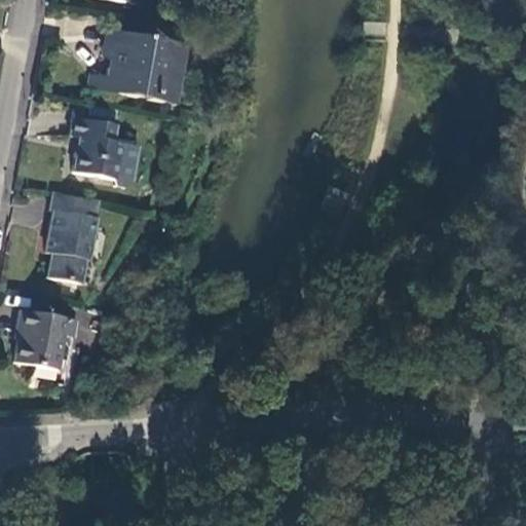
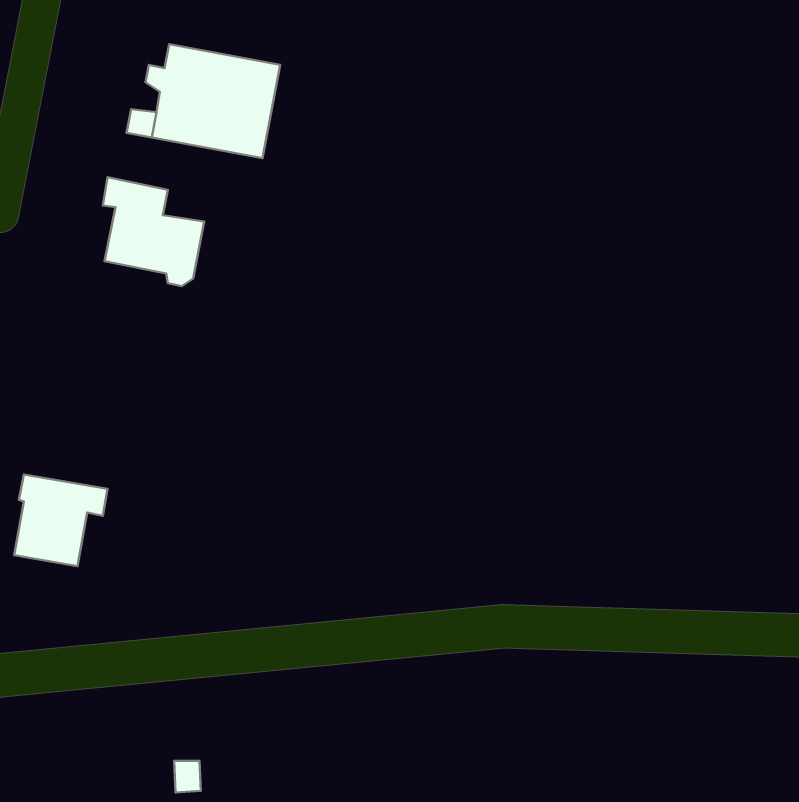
building: [48,190,97,281] -> none

